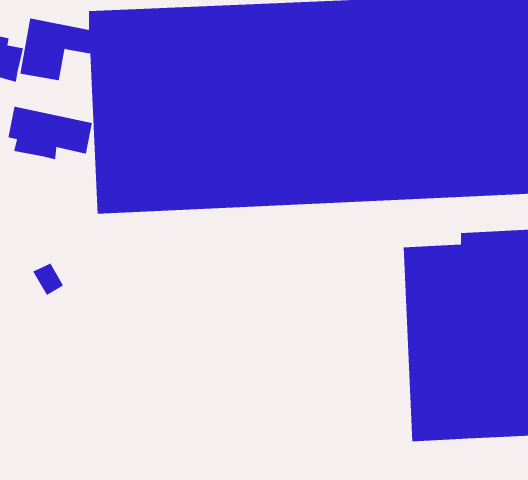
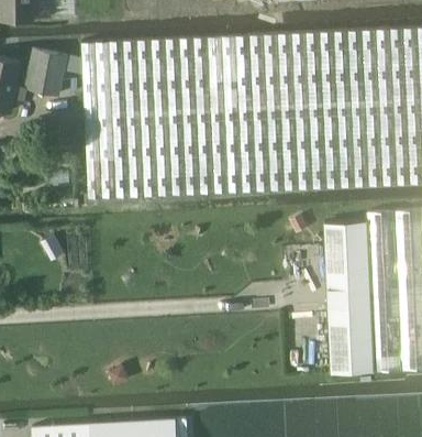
building: [8,106,93,160] -> none

